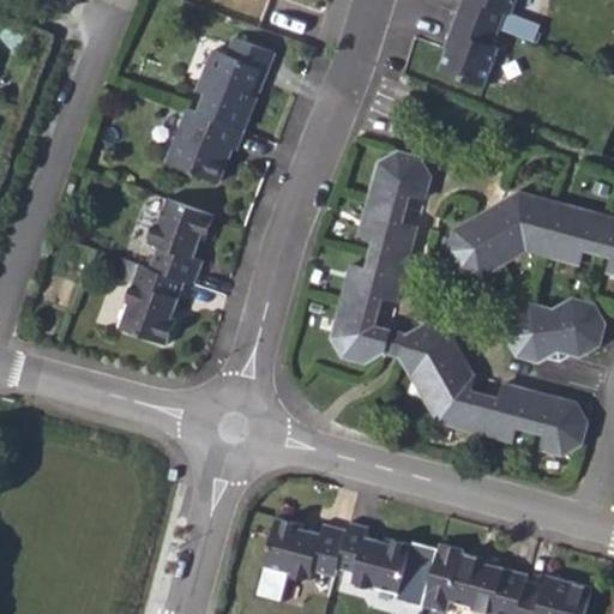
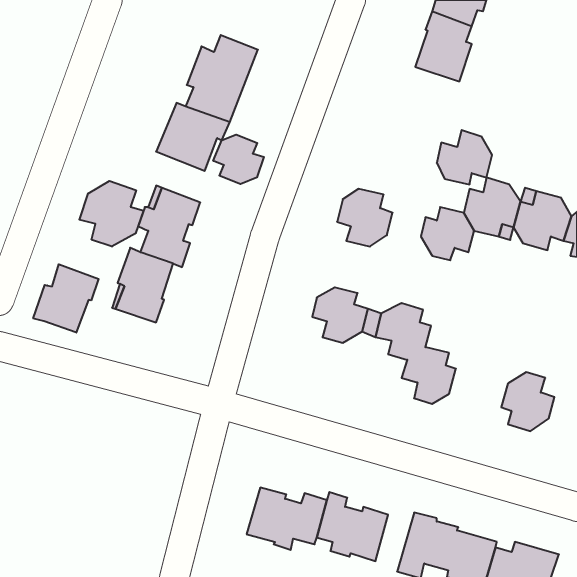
building: none -> [213,135,264,184]
building: [372,150,431,207] -> [437,130,492,184]
building: none -> [79,181,144,247]
building: [344,257,402,312] -> none
building: none -> [33,264,99,333]
building: [504,296,606,363] -> none
building: [476,381,538,445] -> none

